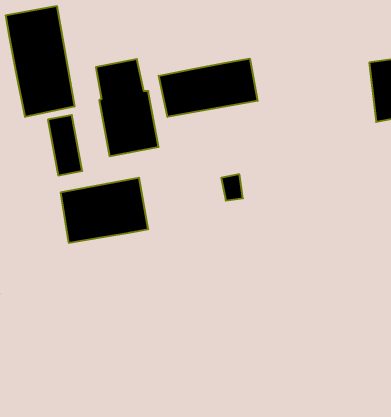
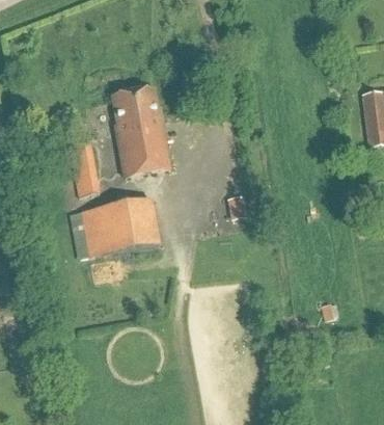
building: [6,6,74,117] -> none
building: [159,59,258,117] -> none

